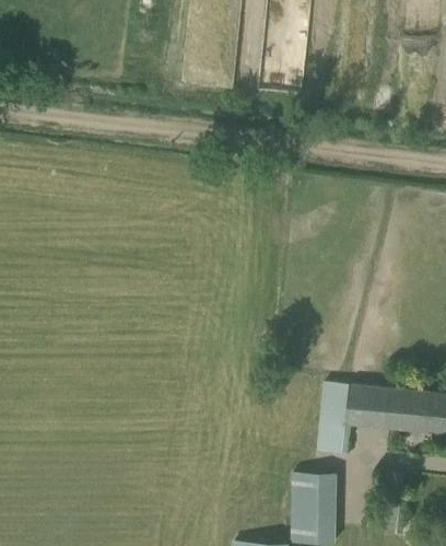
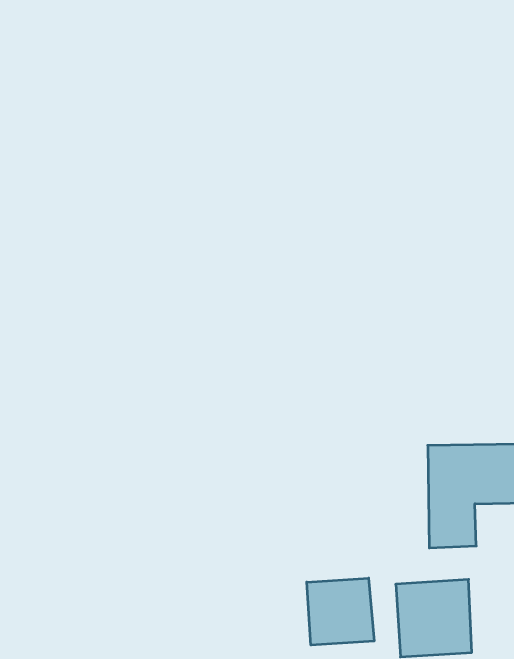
building: none -> [307,578,374,645]

